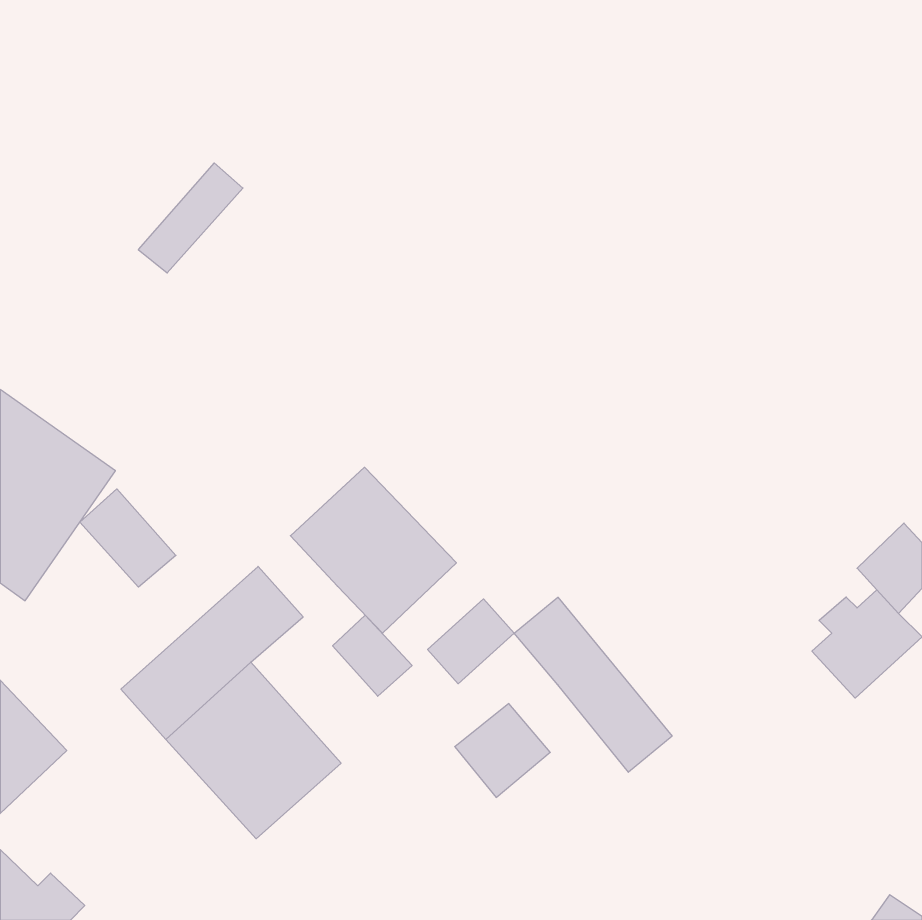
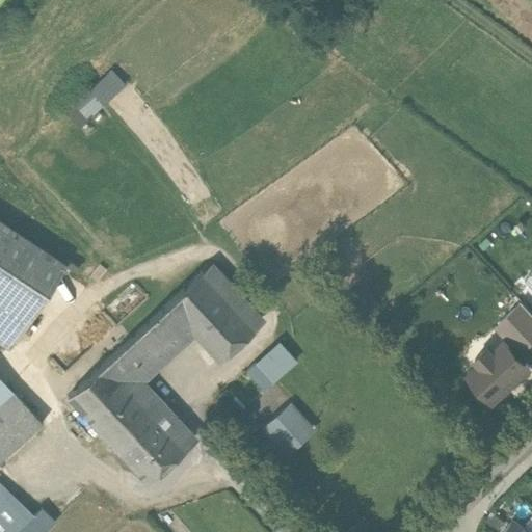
building: [138,163,243,273] -> [64,63,125,127]
building: [80,489,176,587] -> none
building: [514,597,672,772] -> none
building: [333,615,412,696] -> [149,309,194,355]

